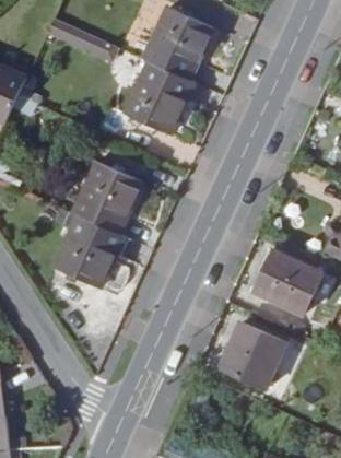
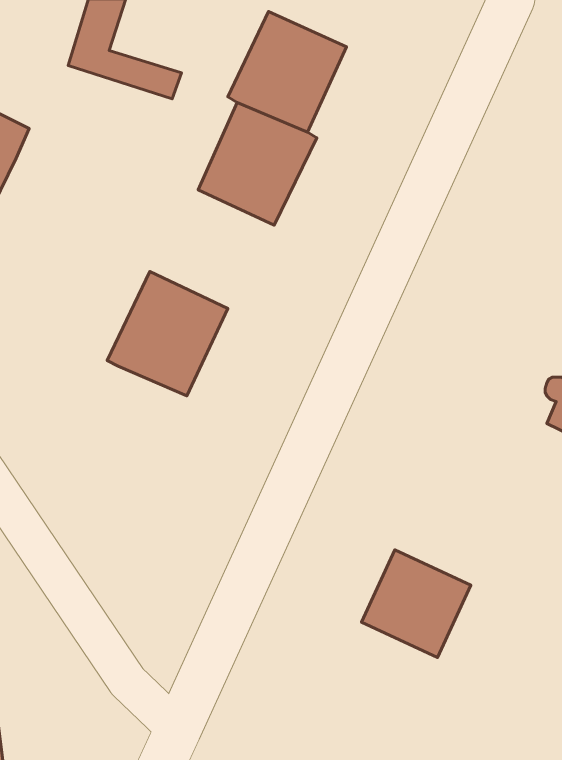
building: [54,216,124,289] -> none
building: [255,250,321,314] -> none

